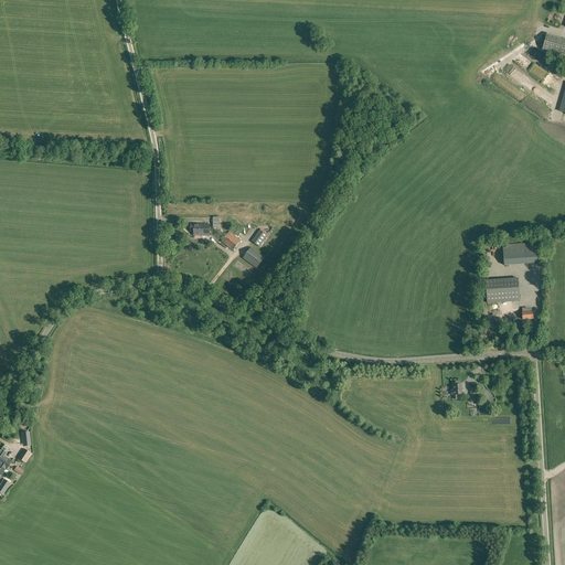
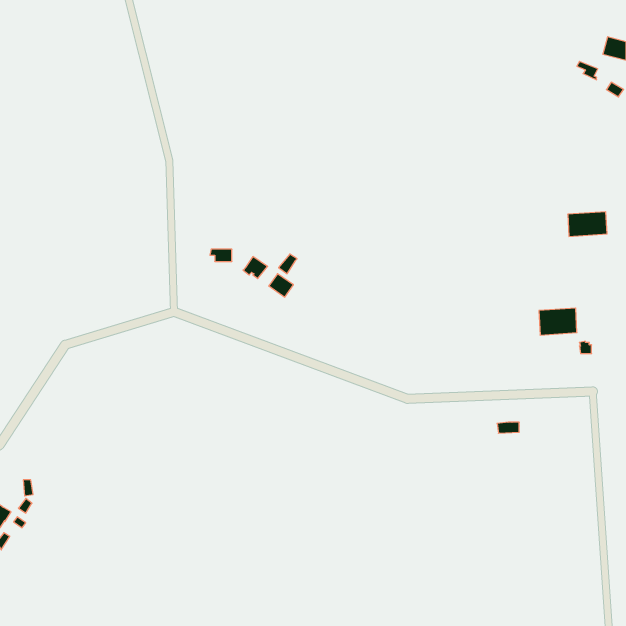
building: [502,242,537,264] -> [568,212,607,236]

